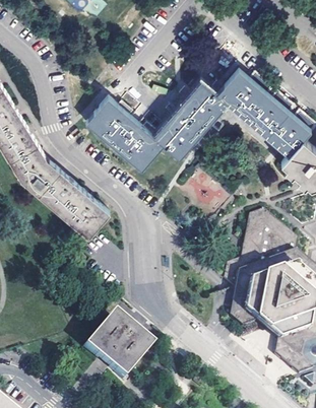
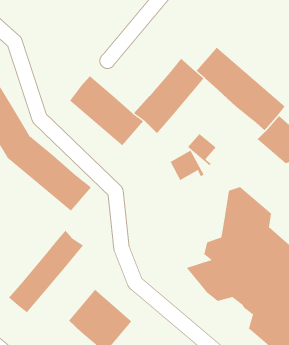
building: none -> [187,133,216,166]
building: none -> [8,230,84,313]

